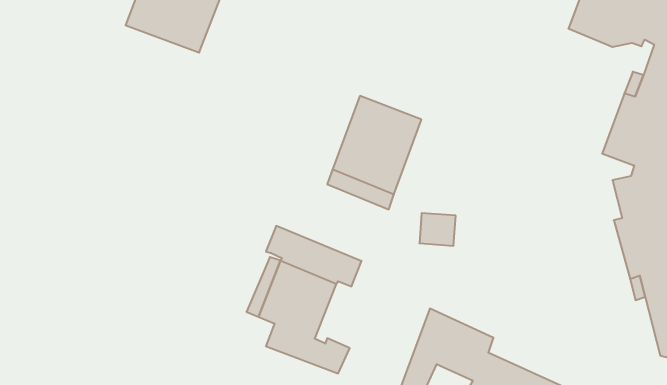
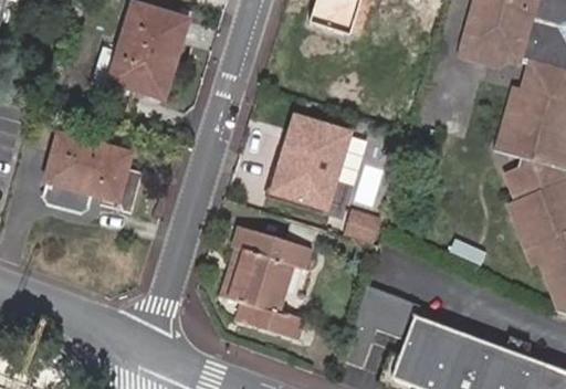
building: none -> [49,132,145,207]

